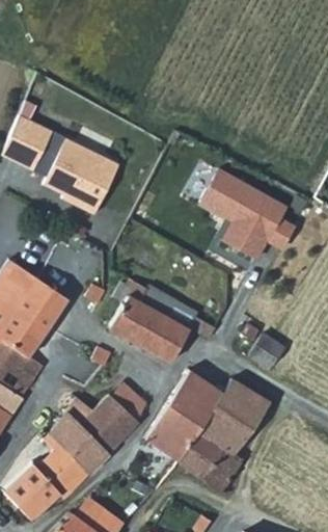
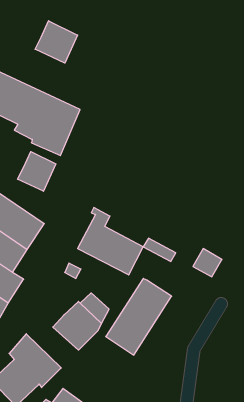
building: none -> [35,21,78,63]
building: [188,164,288,259] -> none
building: none -> [18,152,56,191]
building: [180,374,271,491] -> none
building: [49,399,112,475] -> none

